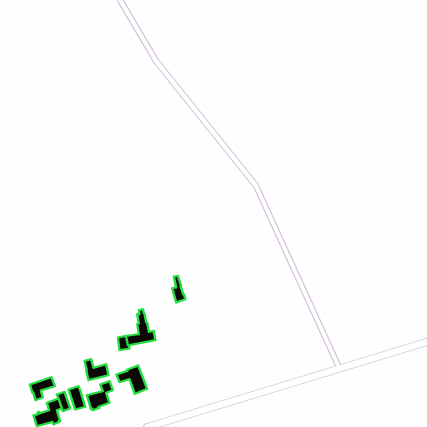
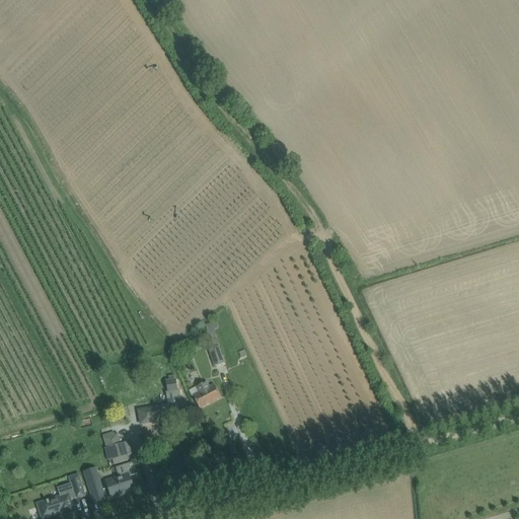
building: none -> [193,382,221,409]
building: [117,366,147,394] -> none
building: [30,377,55,400] -> none

